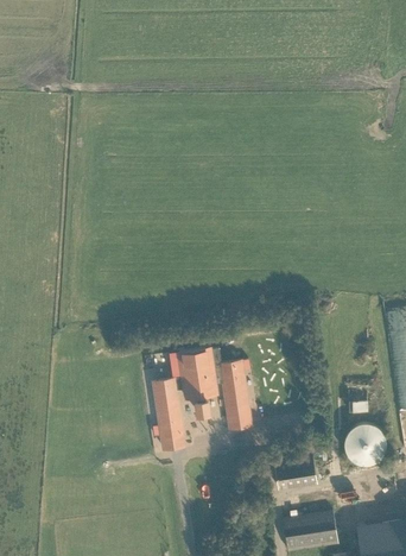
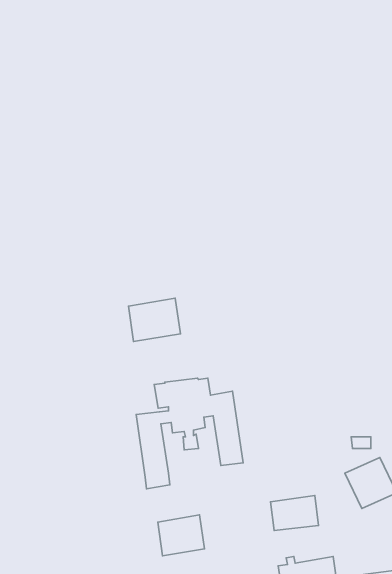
building: none -> [128,298,180,342]
building: none -> [158,515,204,556]

